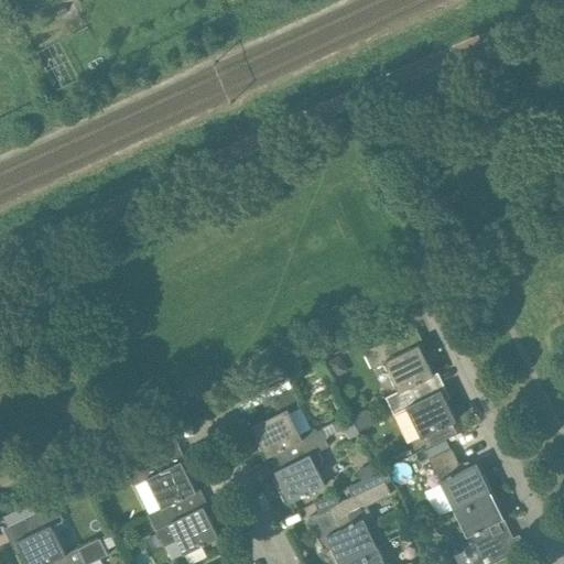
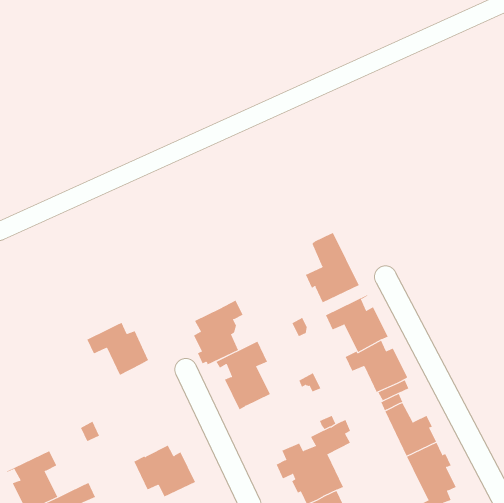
building: none -> [305,232,359,303]
building: [273,432,329,505] -> [193,300,244,365]
building: [126,447,195,511] -> [87,319,149,376]

